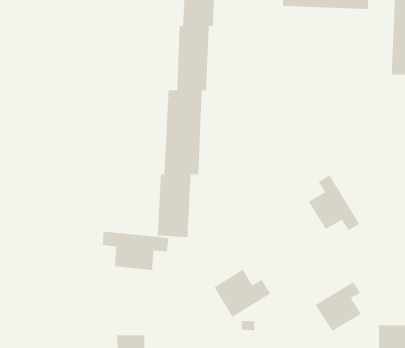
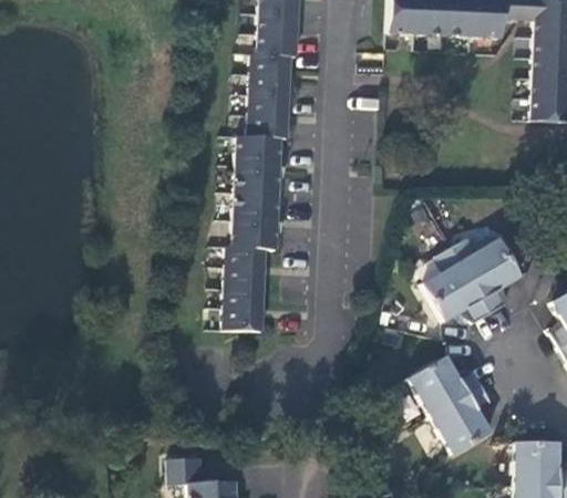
building: none -> [449,238,519,313]
building: [102,231,169,271] -> none
building: [213,269,271,318] -> [404,354,480,418]

